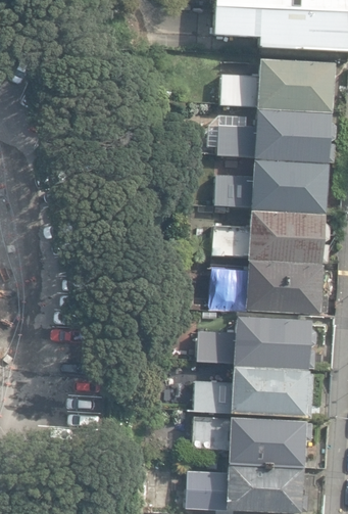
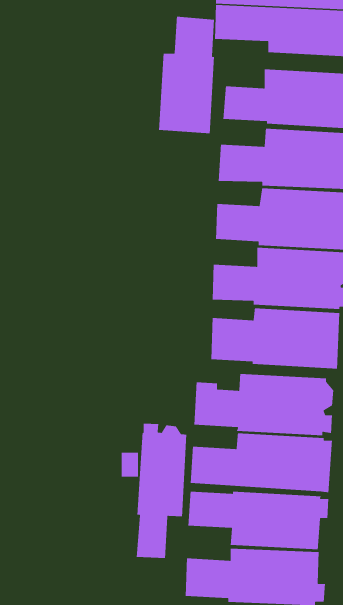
building: none -> [158,16,215,134]
building: none -> [136,423,187,559]

